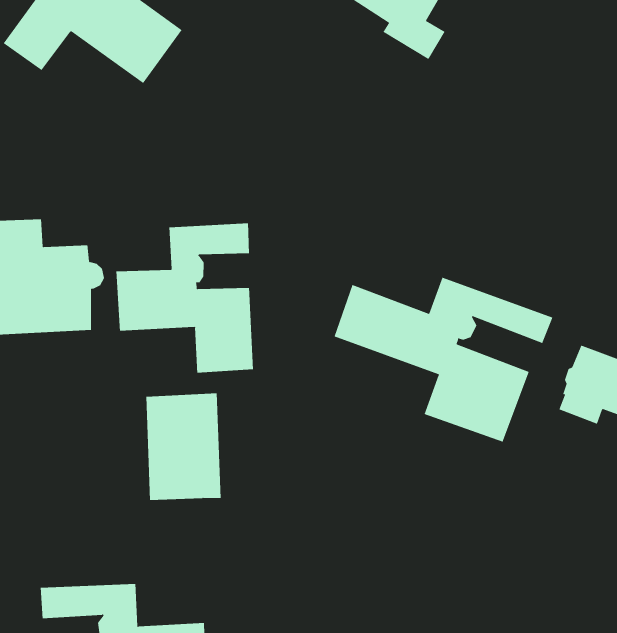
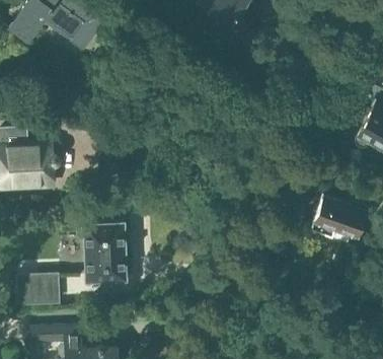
building: [116,222,254,374] -> none
building: [334,277,553,443] -> none
building: none -> [18,275,60,304]

